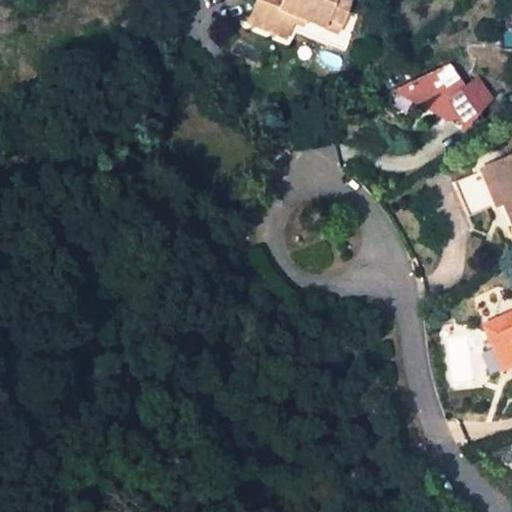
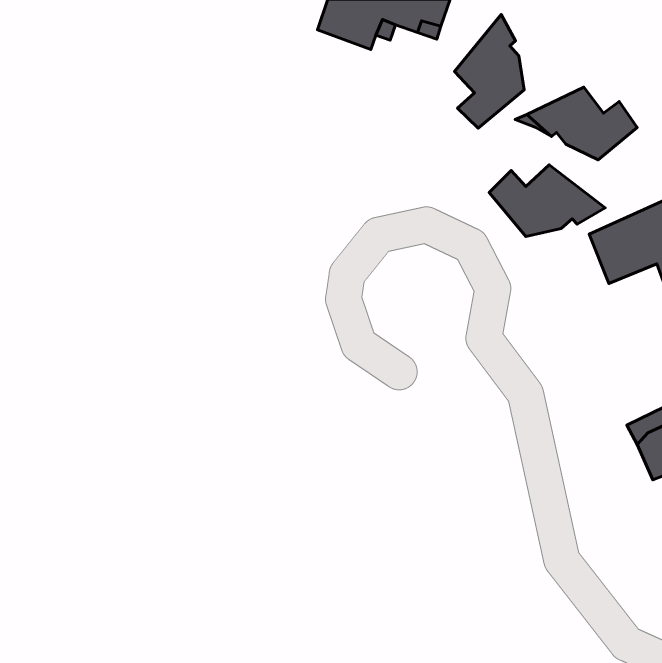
building: none -> [454,14,524,128]
building: none -> [489,165,605,236]

